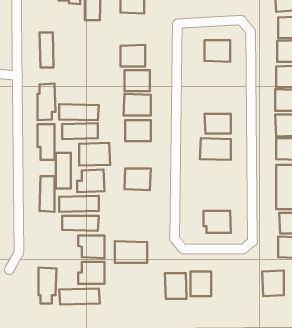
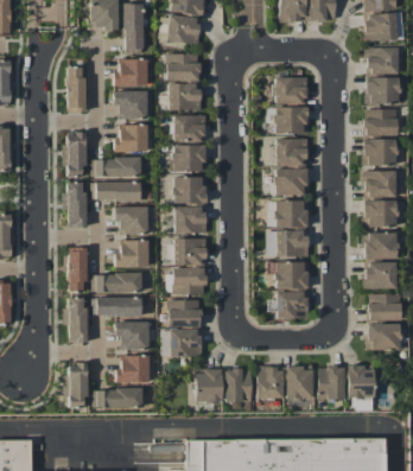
building: none -> [167,53,201,82]
building: none -> [114,59,148,87]
building: none -> [117,91,148,120]
building: none -> [275,107,309,134]
building: none -> [115,126,148,152]
building: none -> [277,139,309,166]
building: none -> [176,206,206,234]
building: [56,153,71,189] -> [68,298,87,343]
building: none -> [268,230,309,257]
building: none -> [275,262,310,289]
building: none -> [174,268,205,295]
building: none -> [170,300,202,327]
building: none -> [287,367,313,399]
building: none -> [318,367,345,400]
building: none -> [196,369,223,403]

